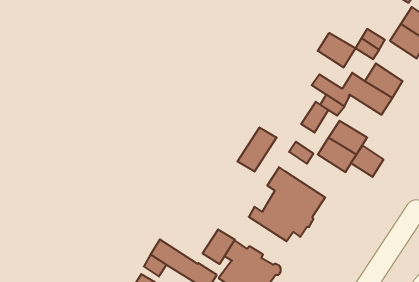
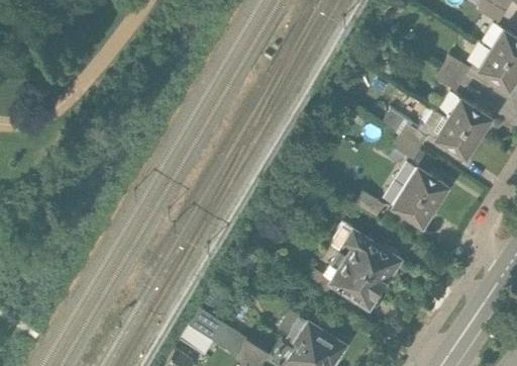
building: [318,33,356,68] -> none
building: [301,102,328,133] -> none
building: [238,127,277,172] -> none
building: [351,145,383,177] -> none
building: [203,229,235,264] -> none

